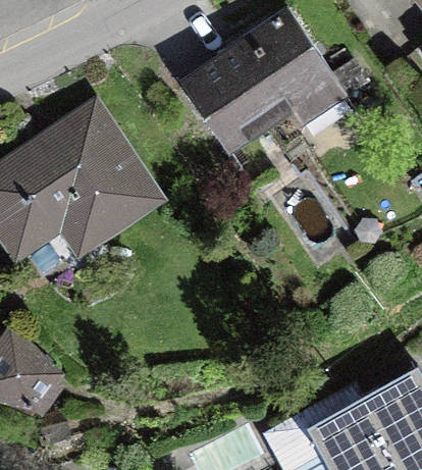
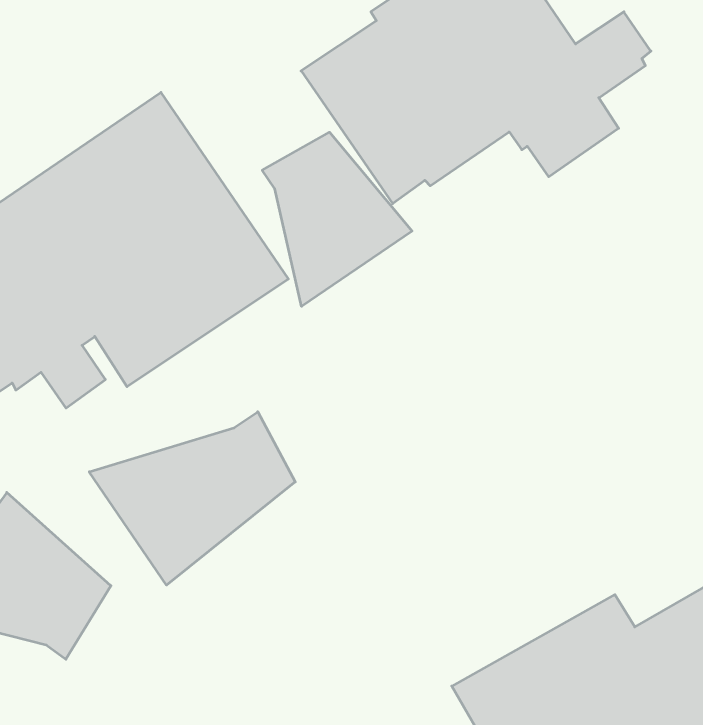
building: none -> [262,132,412,306]
building: none -> [89,412,295,585]

